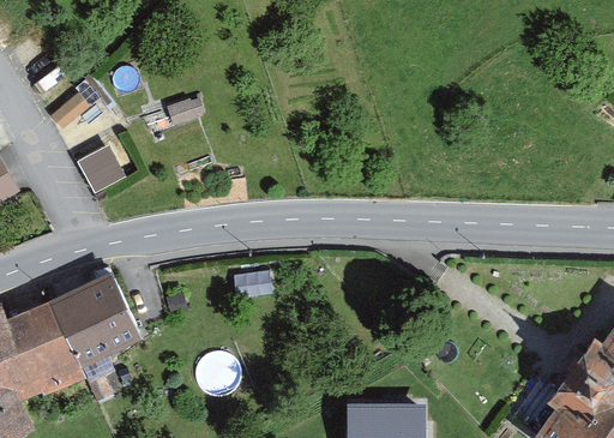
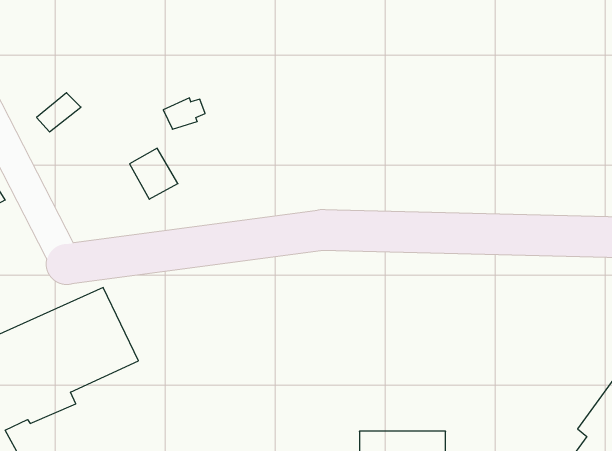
building: [76,146,120,193] -> [130,148,178,199]

